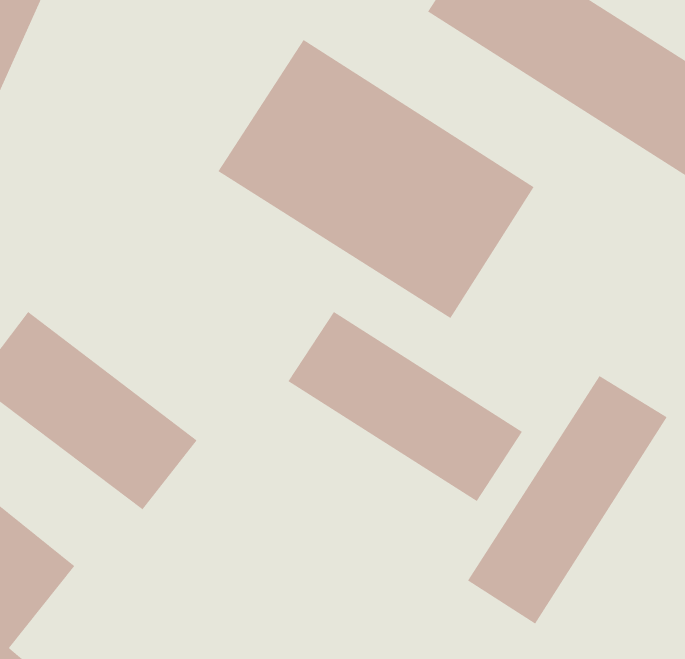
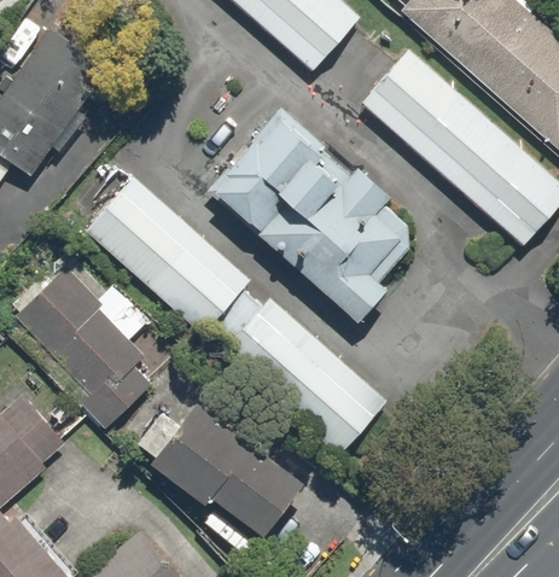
building: none -> [91,185,246,332]
building: [467,375,668,625] -> none
building: none -> [161,398,308,532]

